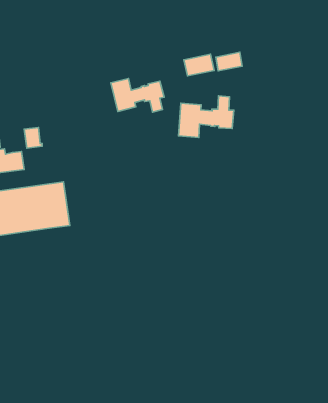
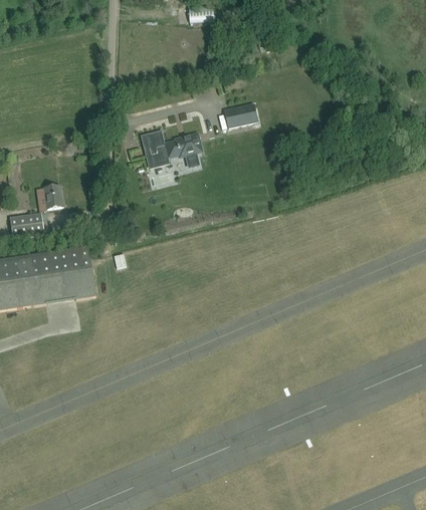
building: [216,52,242,71] -> none
building: [179,96,234,137] -> none

